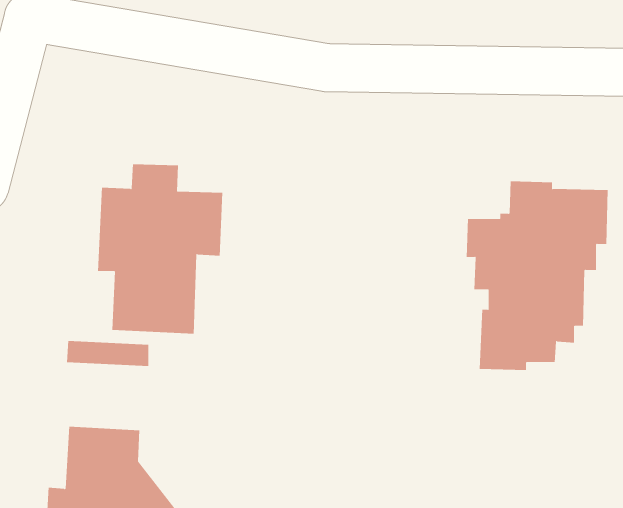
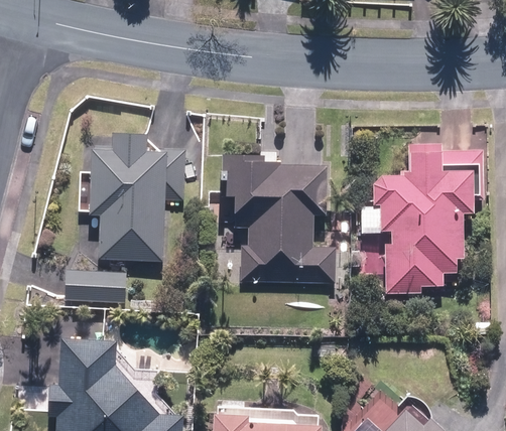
building: none -> [222,154,335,284]

